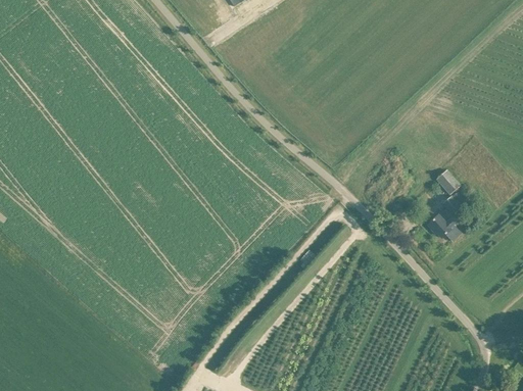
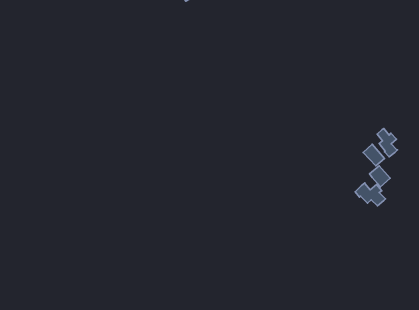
building: none -> [377,128,398,157]

